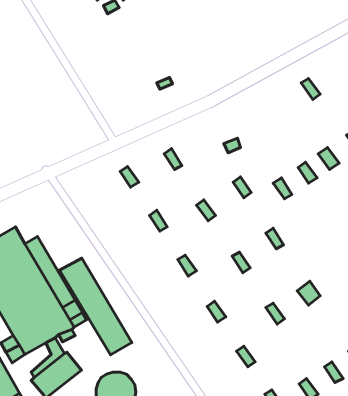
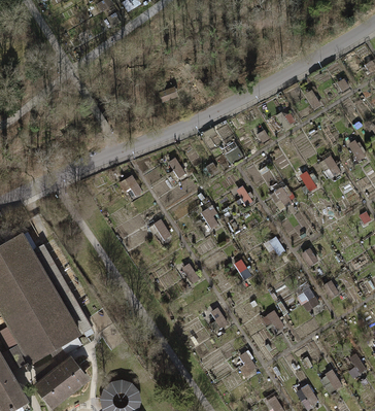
building: [60,258,132,355] -> none

